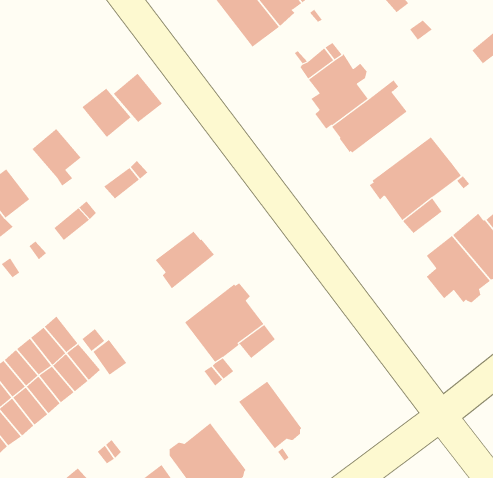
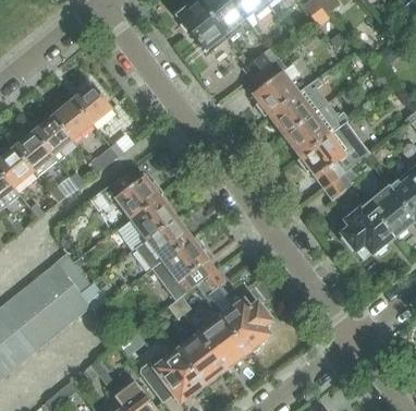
building: [113,73,163,123] -> [52,100,91,140]
building: none -> [284,104,348,158]
building: none -> [13,133,52,172]
building: none -> [100,170,163,220]
building: none -> [135,217,192,269]
building: none -> [218,298,270,352]
building: none -> [173,331,223,385]

